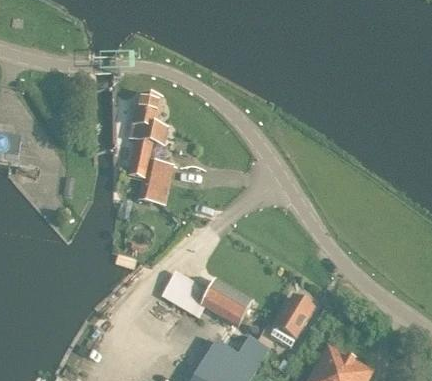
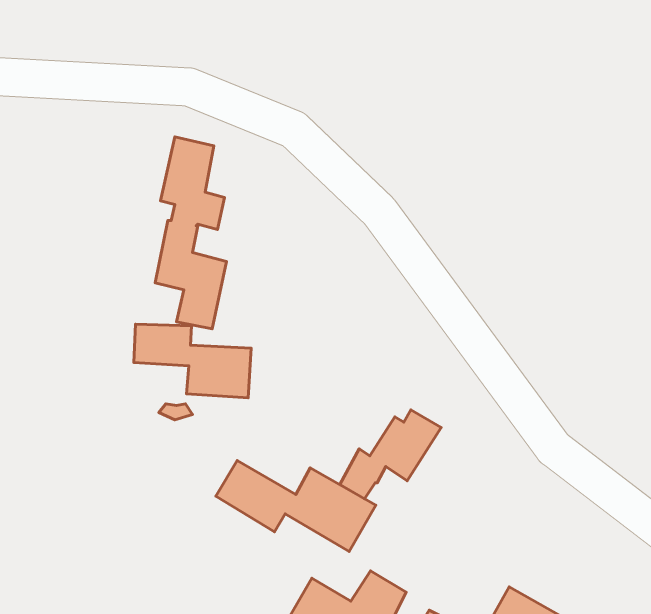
building: none -> [134,324,251,398]
building: [257,299,314,349] -> [340,410,441,499]

